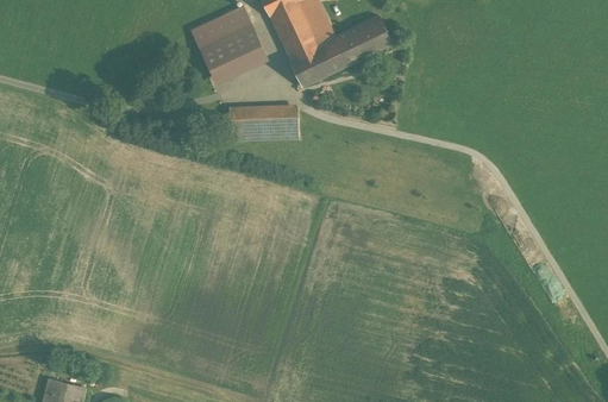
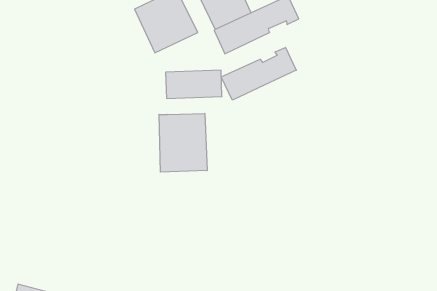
building: none -> [221,47,296,100]
building: none -> [159,113,207,172]

